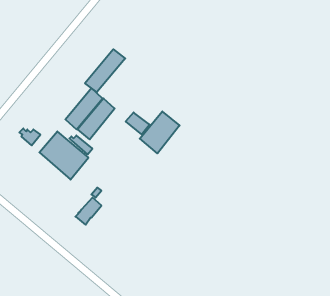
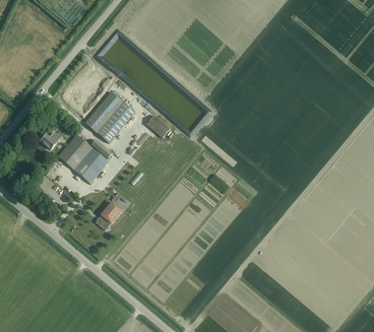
building: [85,49,125,92] -> none
building: [140,111,180,153] -> none

